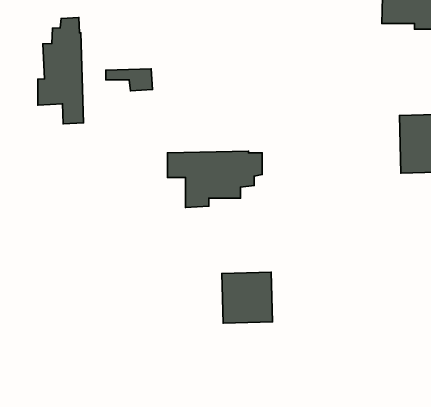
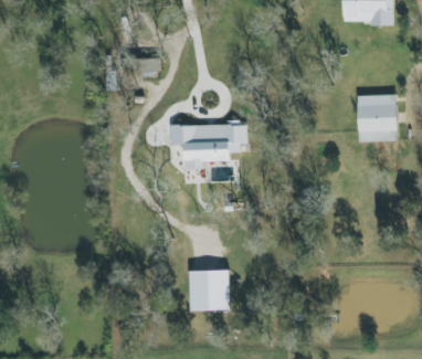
building: [38,18,83,124] -> none
building: [222,272,273,323] -> [189,270,230,310]

